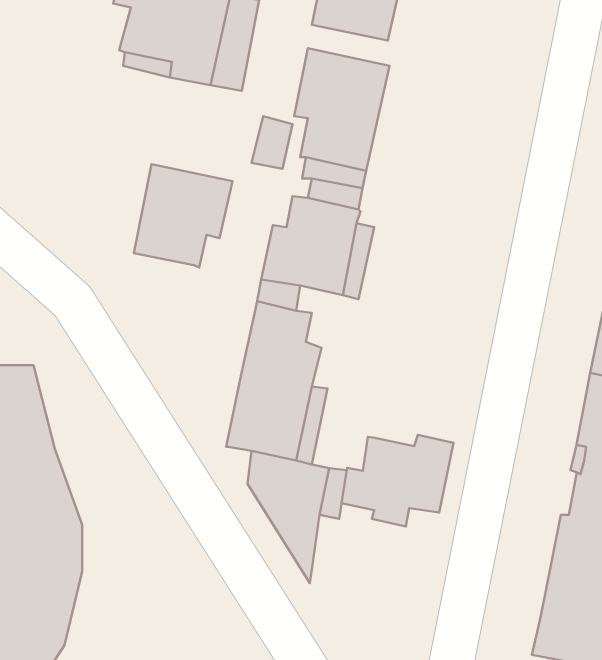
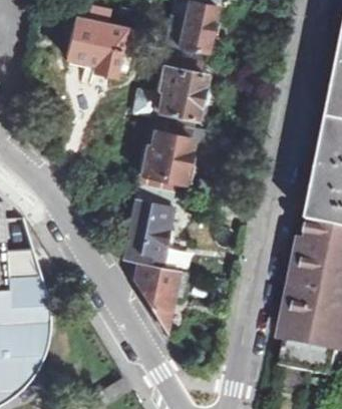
building: [134,164,233,267] -> none
building: [342,435,453,526] -> none

